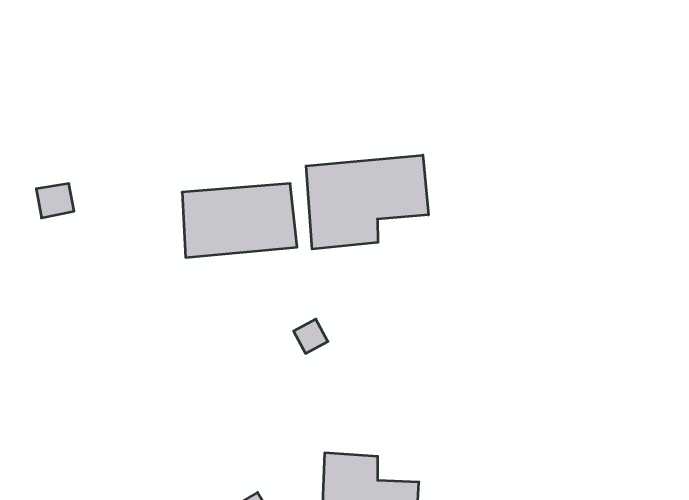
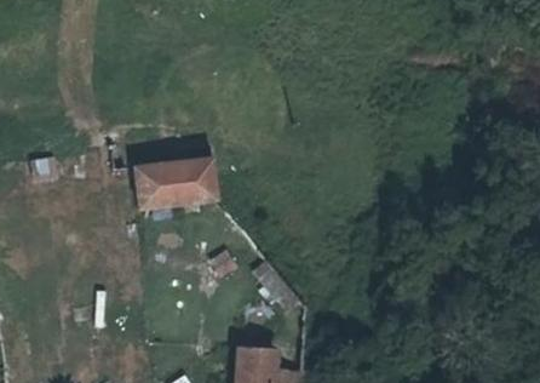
building: [306,155,428,249] -> none

